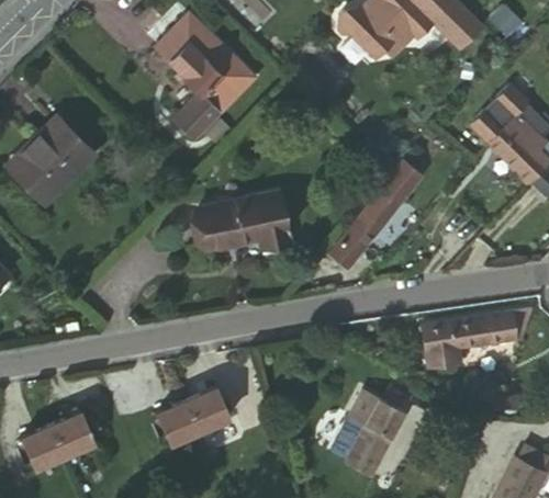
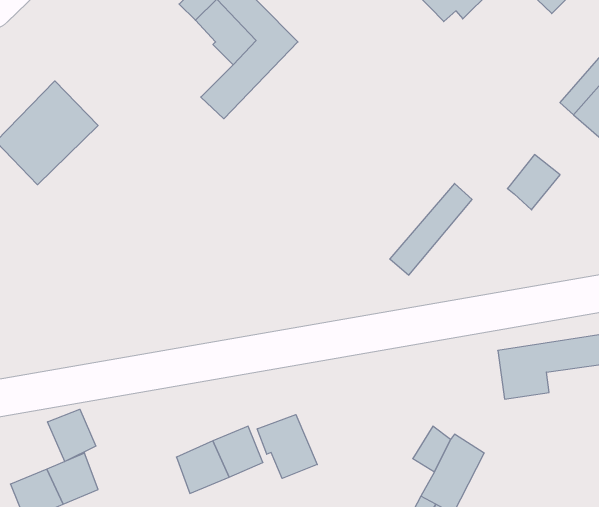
building: [377,160,419,205] -> [507,155,560,210]
building: [203,195,296,256] -> none
building: none -> [48,409,96,462]
building: none -> [257,415,317,478]

